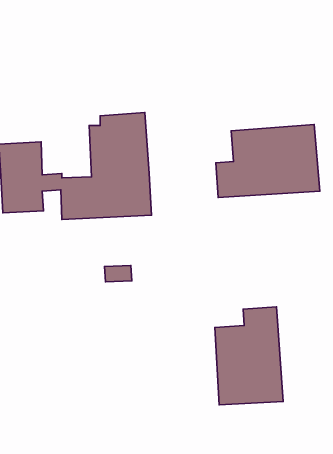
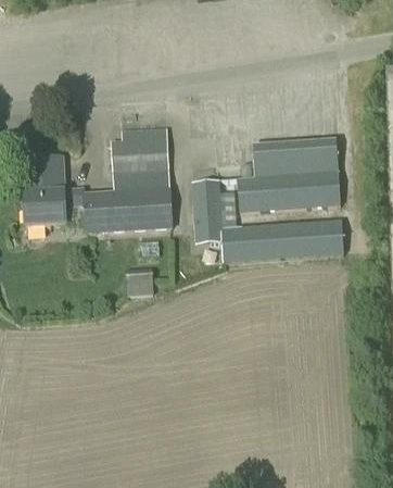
building: none -> [194,178,345,262]
building: [215,307,283,405] -> none

